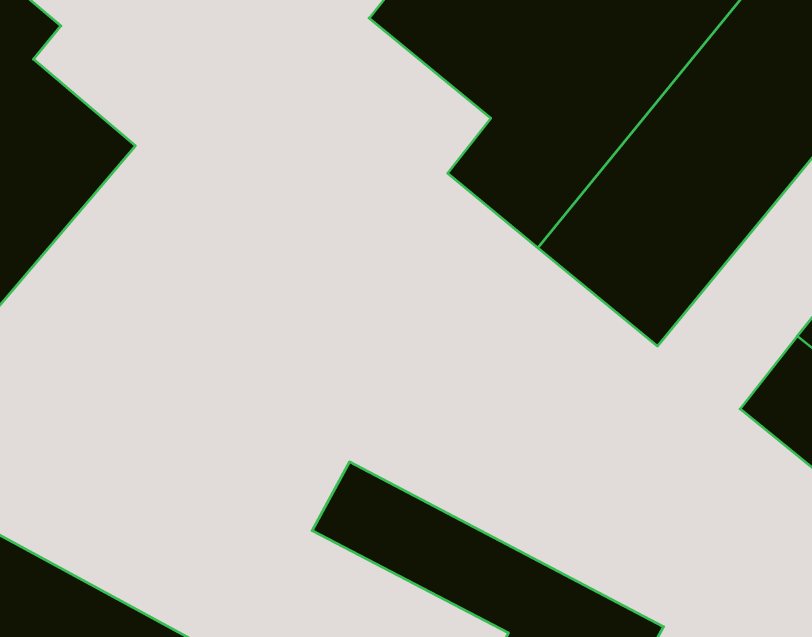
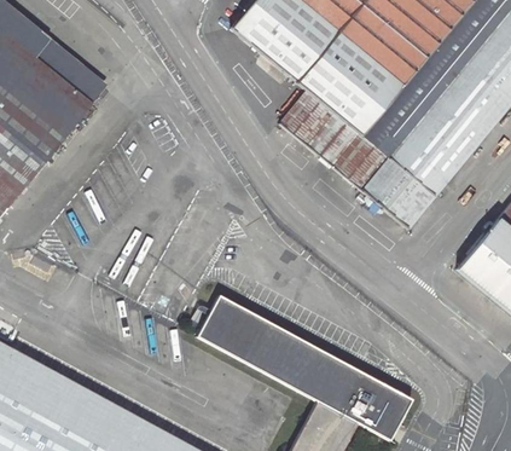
building: none -> [24,30,103,104]

